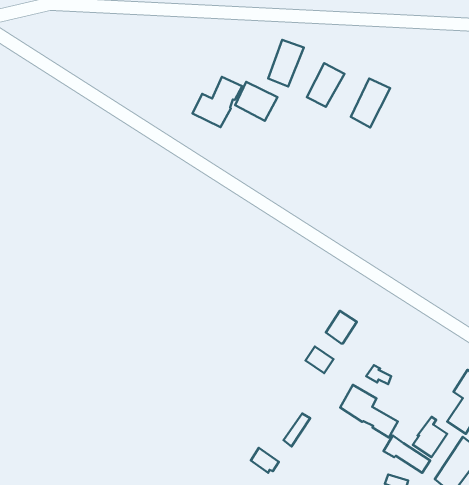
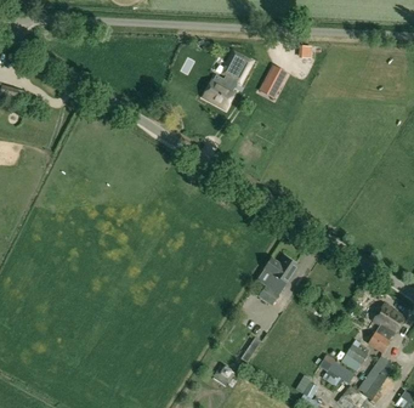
building: [192,77,242,127] -> none
building: [351,79,390,127] -> none
building: [340,385,398,438] -> none

